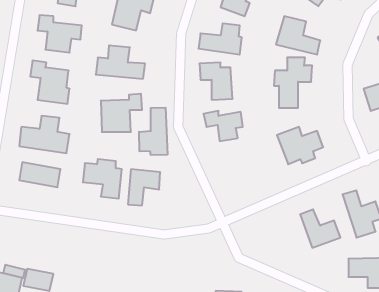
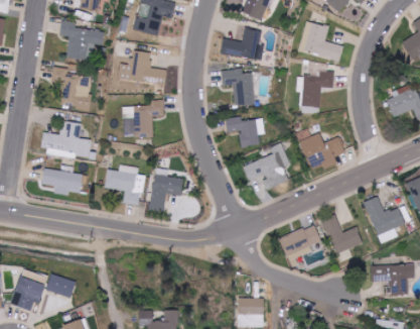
building: [139,108,167,155] -> none
building: none -> [243,142,290,188]
building: none -> [280,225,321,262]

